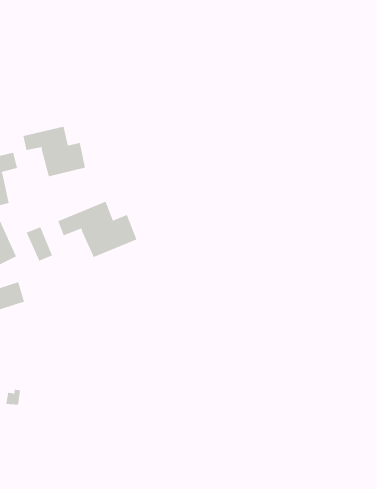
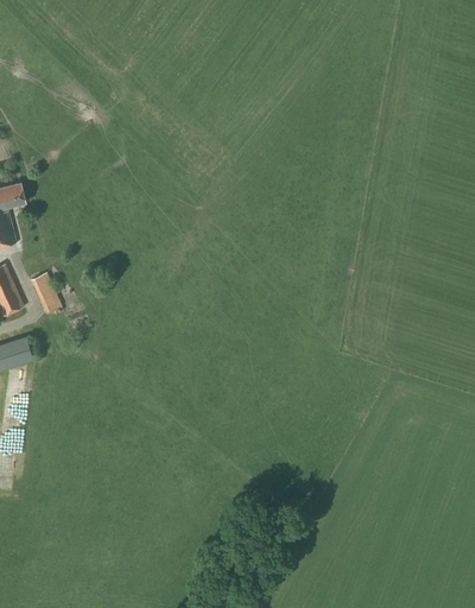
building: [23,126,86,177] -> none
building: [57,201,137,258] -> none

